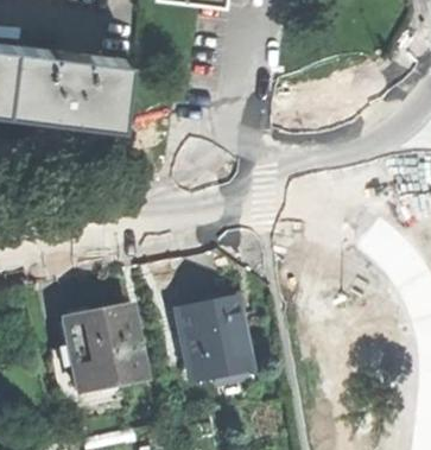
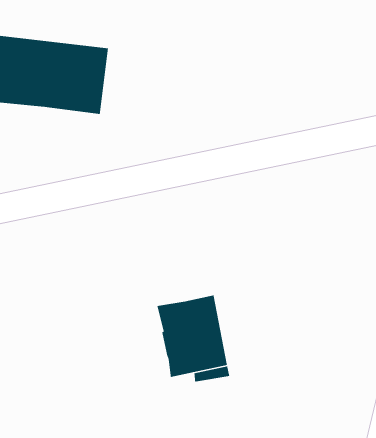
building: [55,308,146,405] -> none

